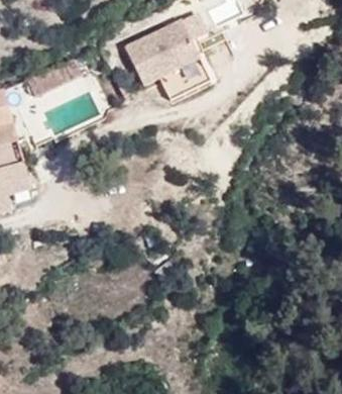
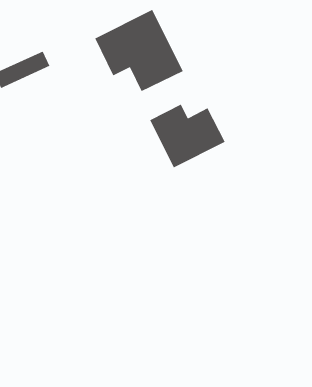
building: none -> [149,104,226,169]

